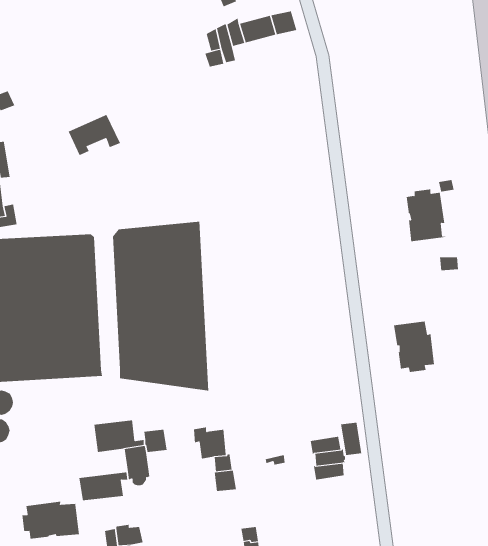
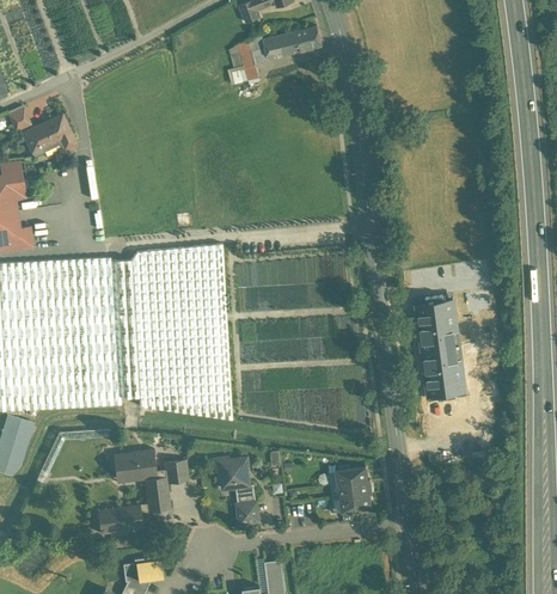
building: [68,114,121,156] -> [20,114,75,157]
building: [406,189,446,242] -> [416,296,458,351]
building: none -> [112,259,137,398]
building: [341,422,362,456] -> none
building: [22,500,80,540] -> none

